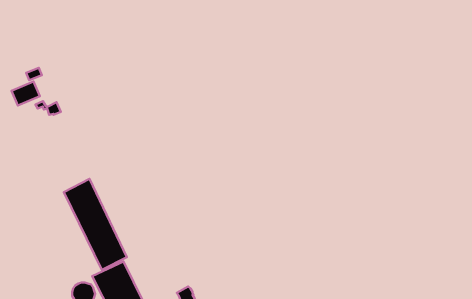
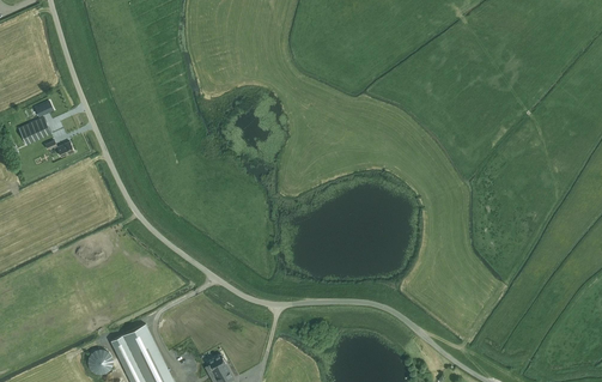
building: [64,179,127,270] -> none

